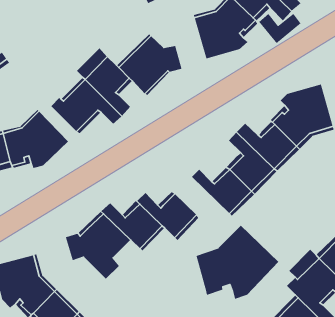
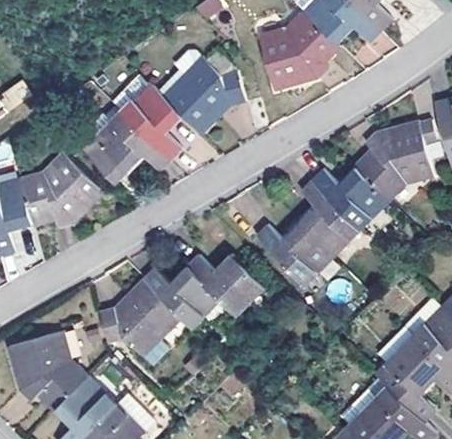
building: [196,225,279,300] -> none

